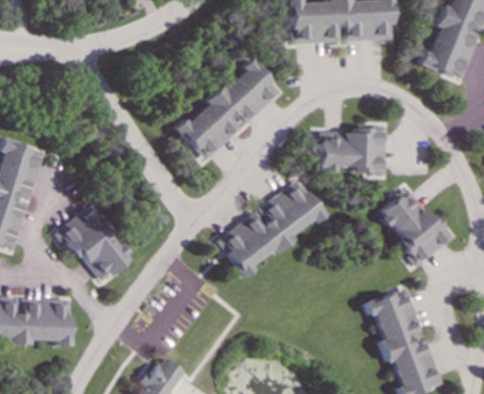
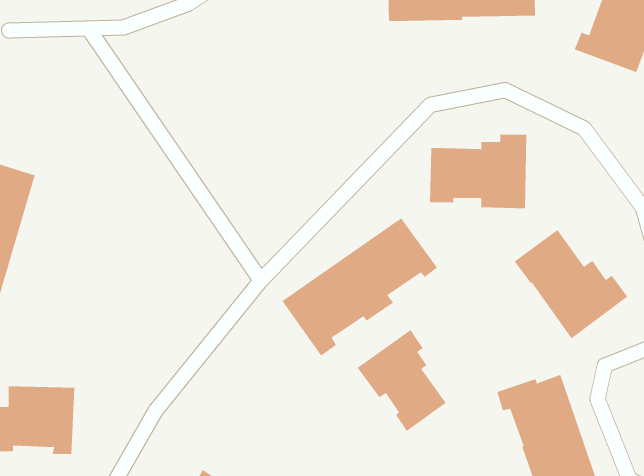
building: [175,59,281,160] -> none
building: [56,206,133,282] -> none
building: none -> [357,329,447,432]

